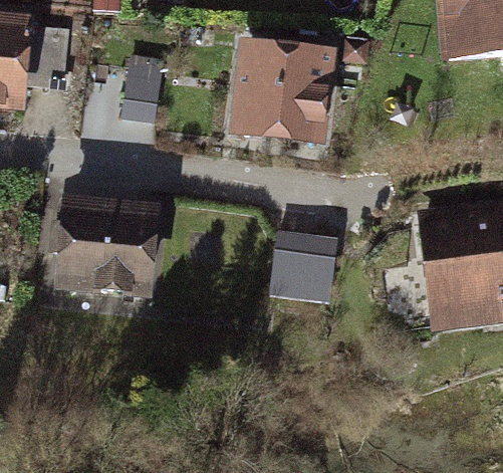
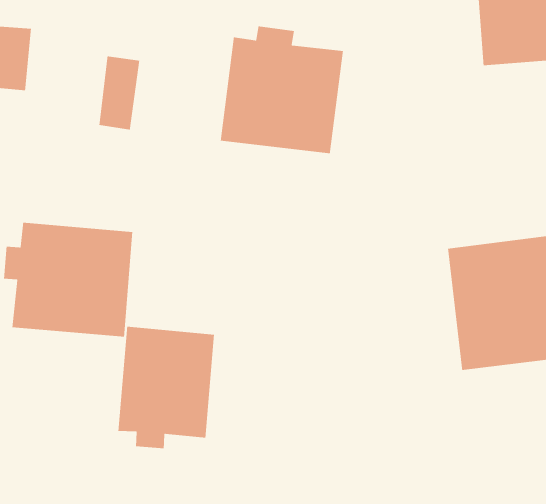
building: [269,235,332,301] -> none
building: none -> [118,326,215,449]

